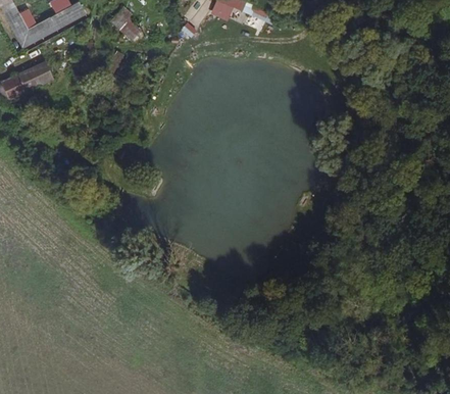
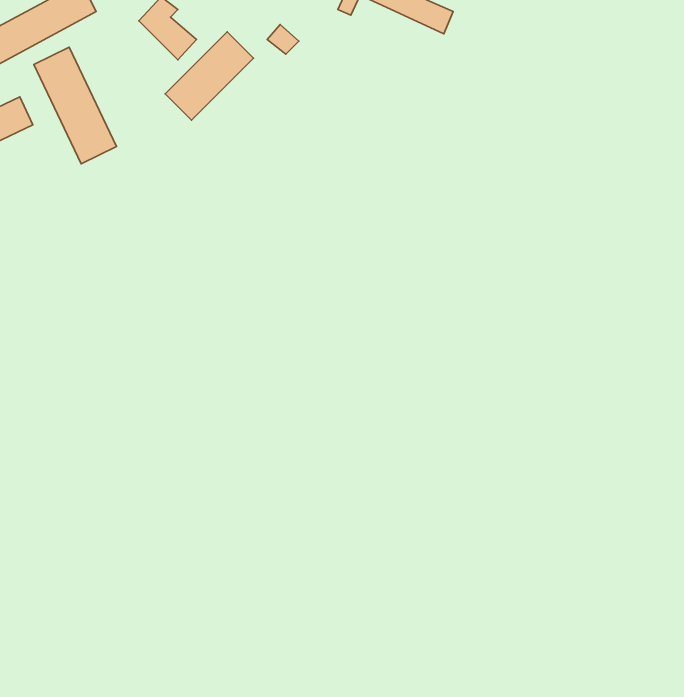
building: none -> [165,32,254,120]
building: none -> [34,47,116,164]

